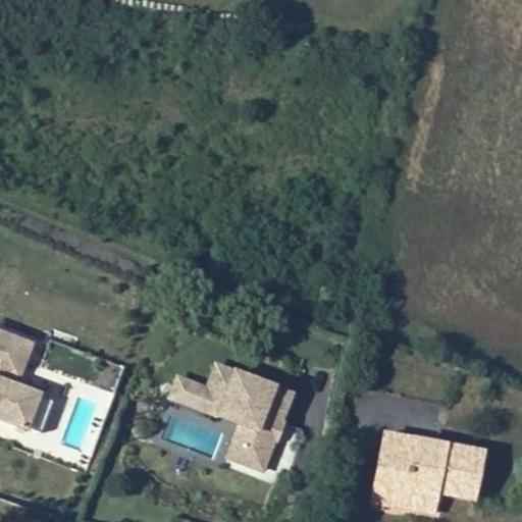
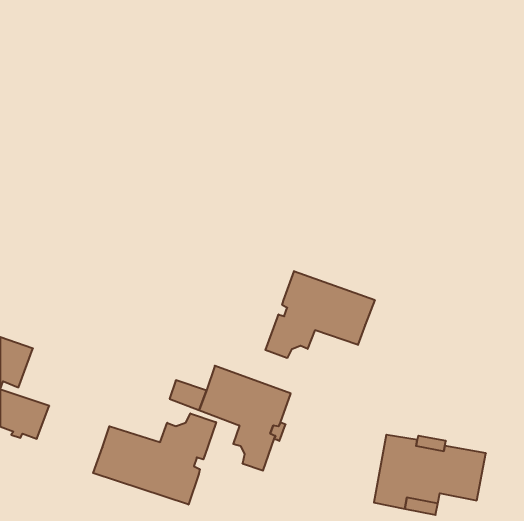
building: none -> [265,271,375,358]
building: none -> [93,413,216,505]

